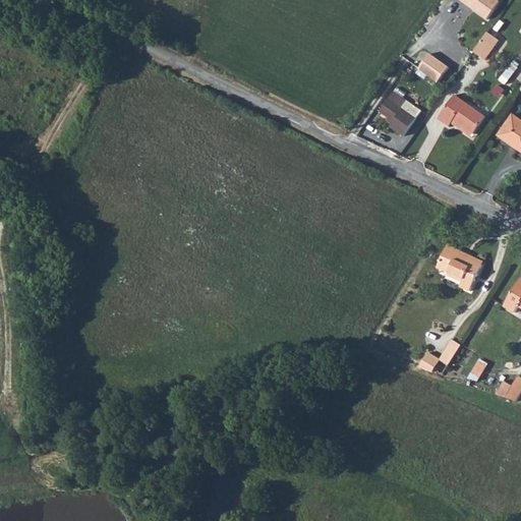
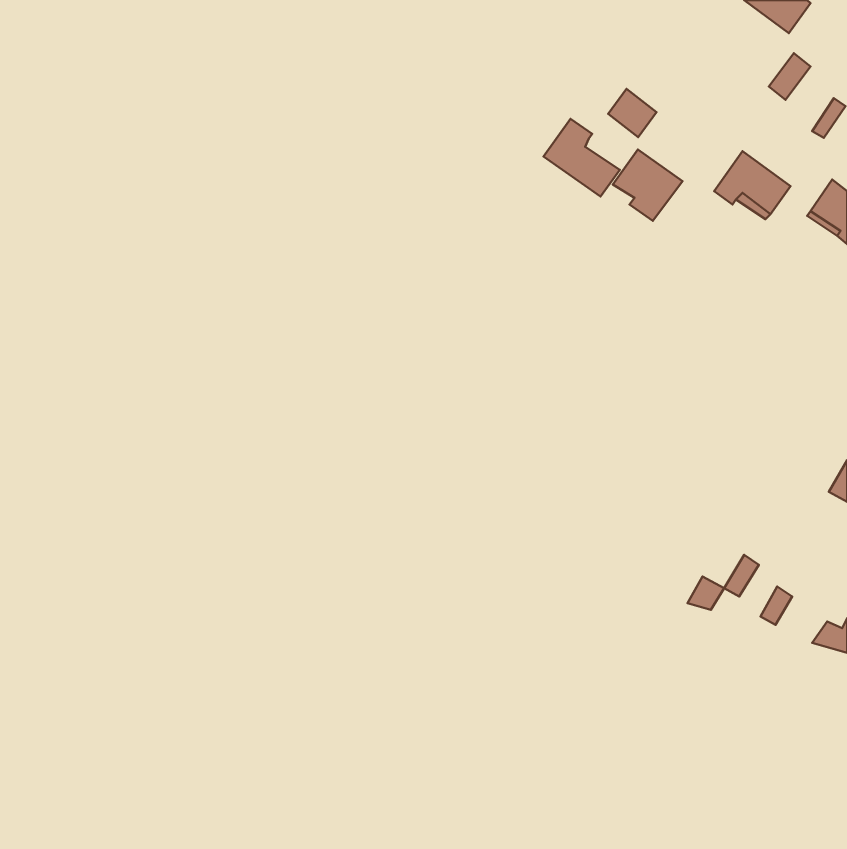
building: [416,53,446,82] -> [608,89,656,137]
building: none -> [544,119,620,197]
building: [444,247,488,292] -> none

